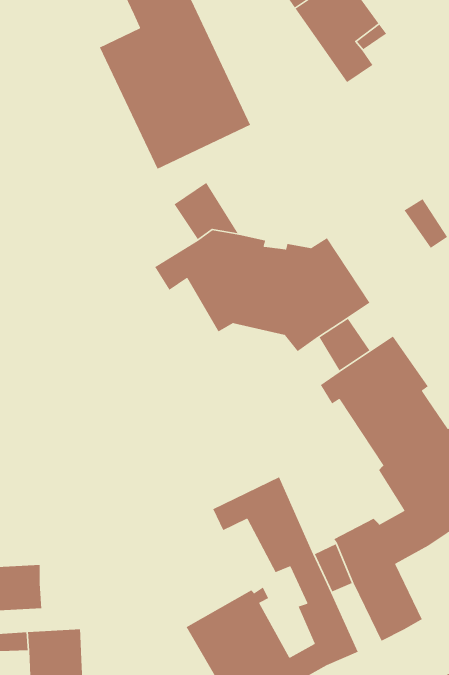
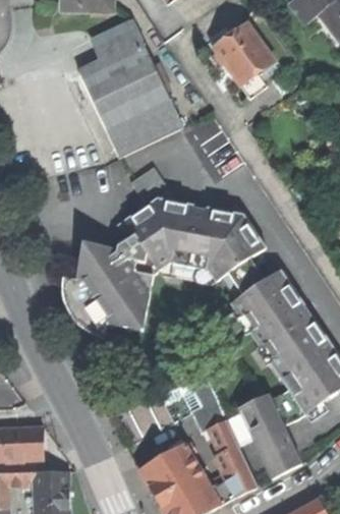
building: none -> [63,232,161,339]

